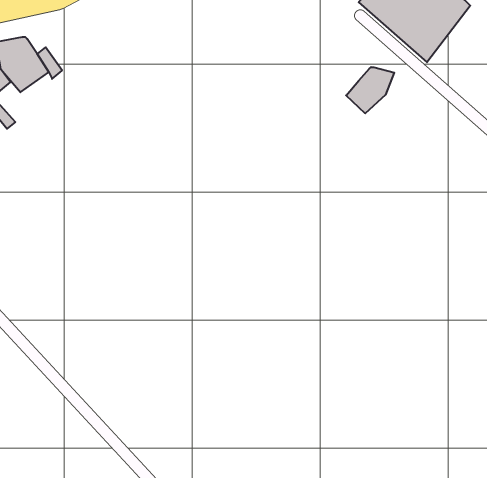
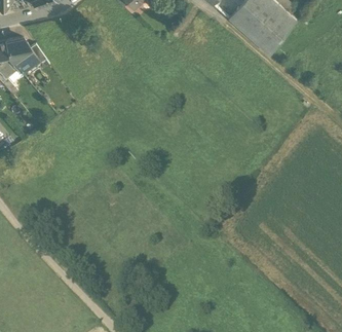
building: [346,67,394,113] -> none

